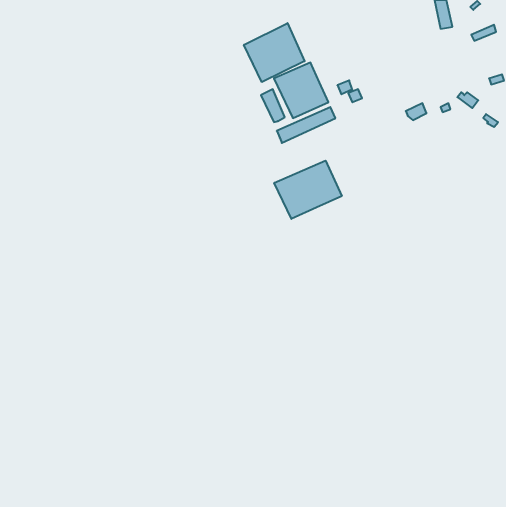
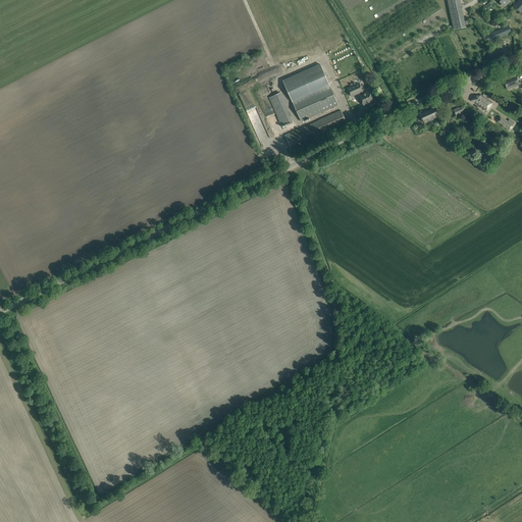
building: [244,23,305,82] -> none
building: [274,161,342,219] -> none

